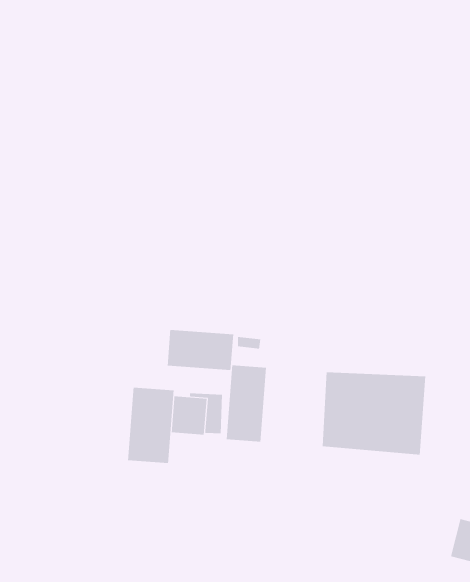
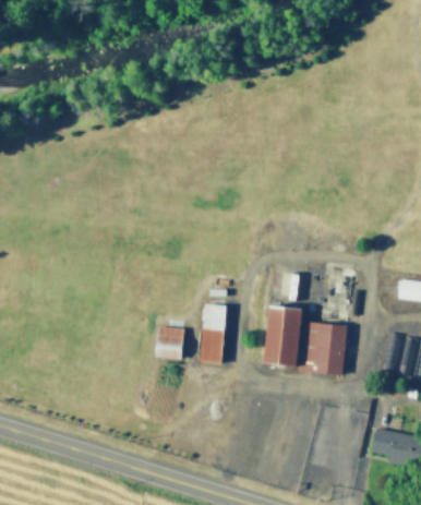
building: [167,329,234,371] -> none
building: [128,387,174,464] -> none

